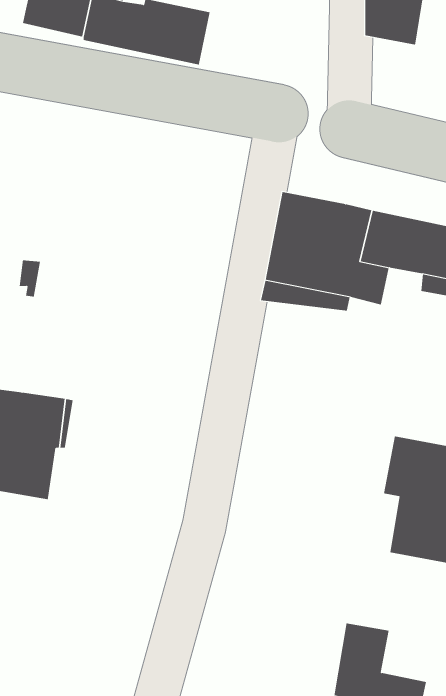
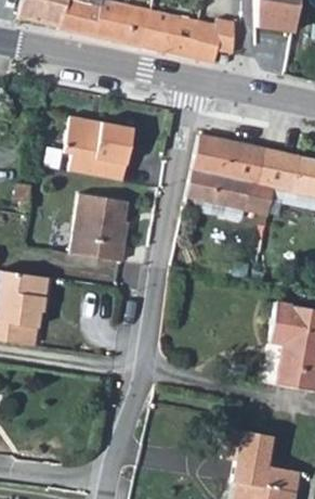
building: none -> [143,10,238,63]
building: none -> [64,116,134,182]
building: none -> [68,193,128,263]

